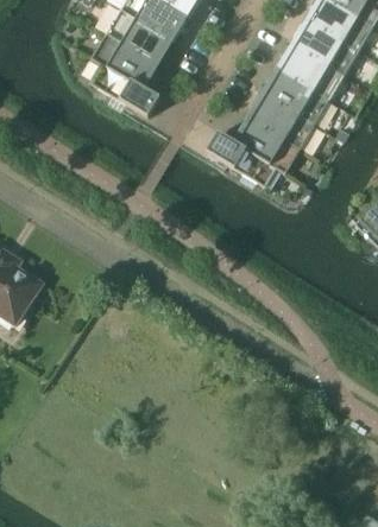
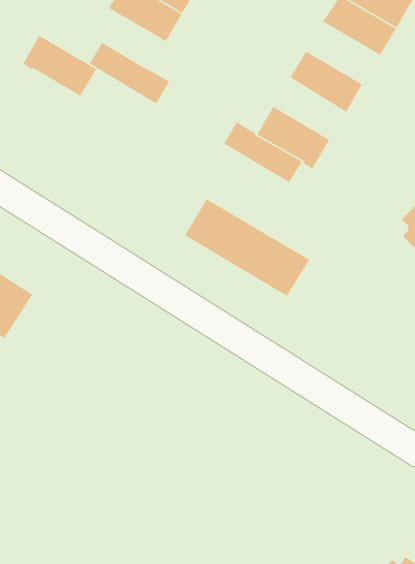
building: [92,34,157,88] -> [22,35,97,96]
building: [279,46,345,101] -> none
building: [251,95,315,150] -> none
building: none -> [184,198,310,297]

